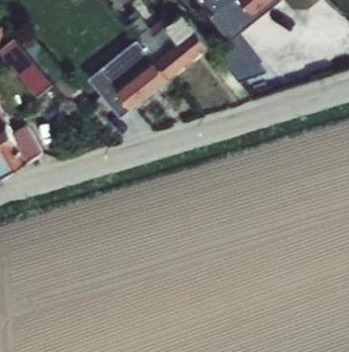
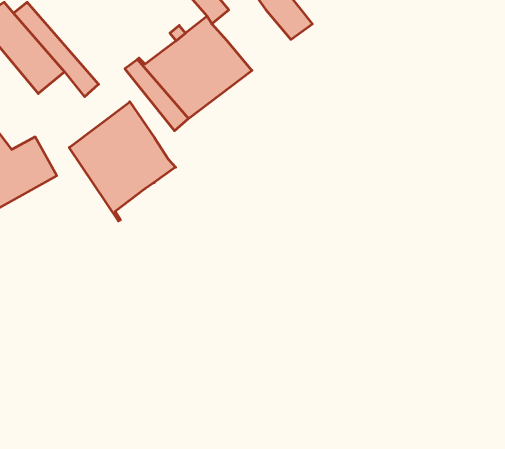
building: [151,41,193,81] -> none
building: none -> [69,102,176,221]

